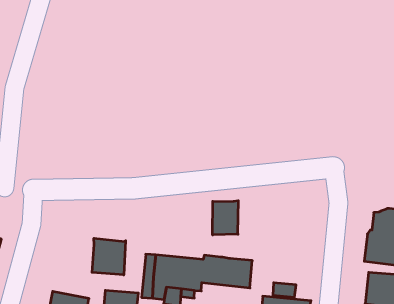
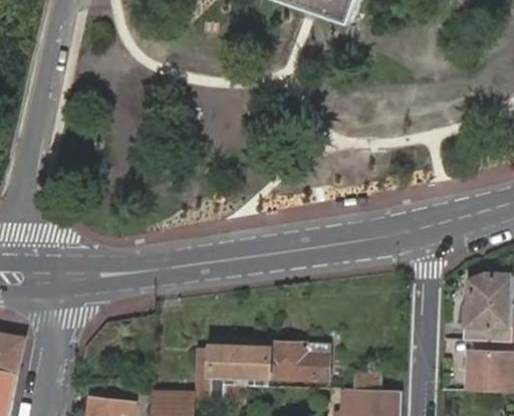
building: [213,201,238,235] -> none
building: [92,238,126,275] -> none

